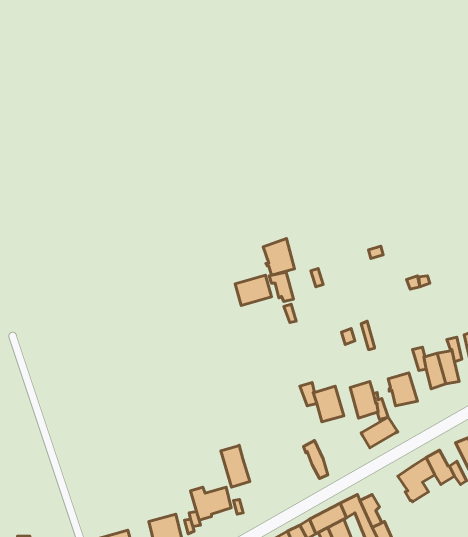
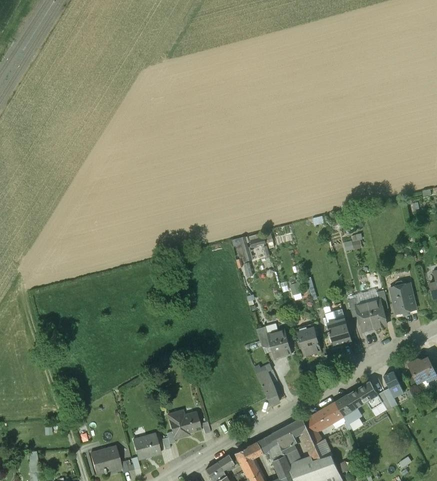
building: [263,239,295,275] -> none
building: [235,275,272,306] -> none
building: [361,417,398,448] -> [314,402,344,427]
building: [221,445,250,487] -> none

